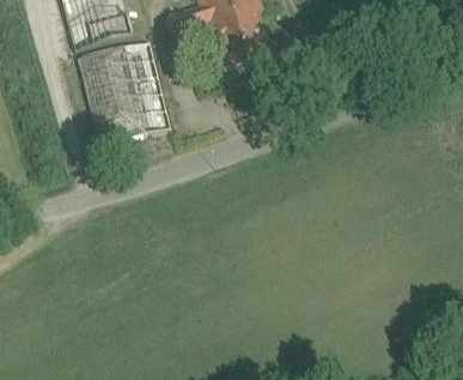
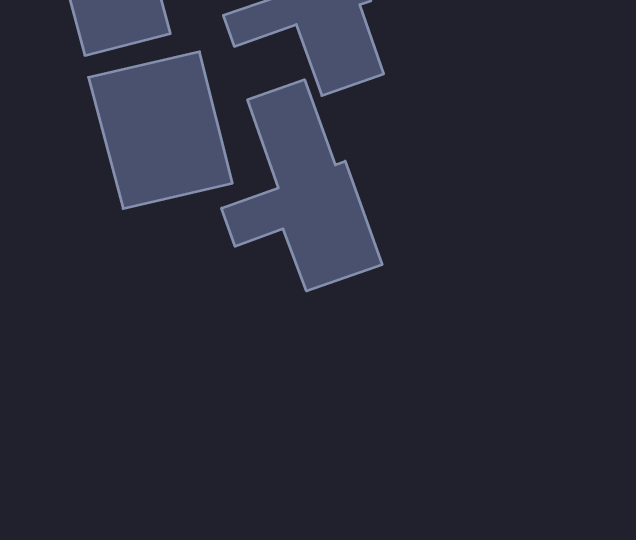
building: none -> [222,80,382,291]

